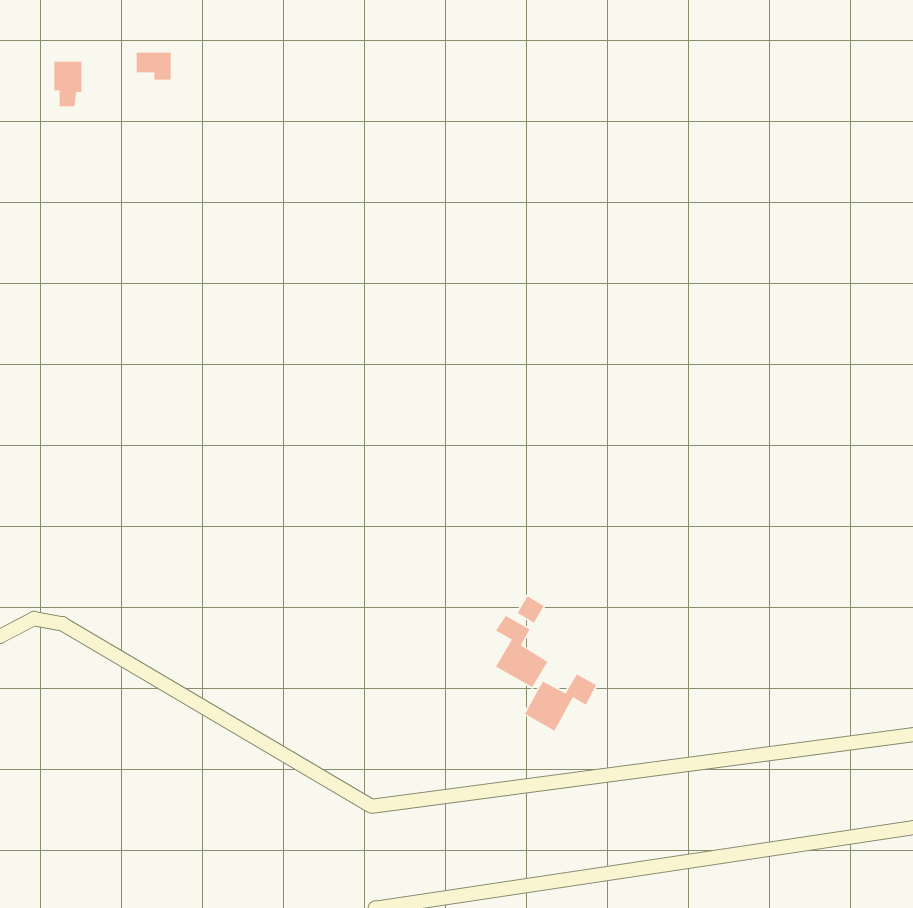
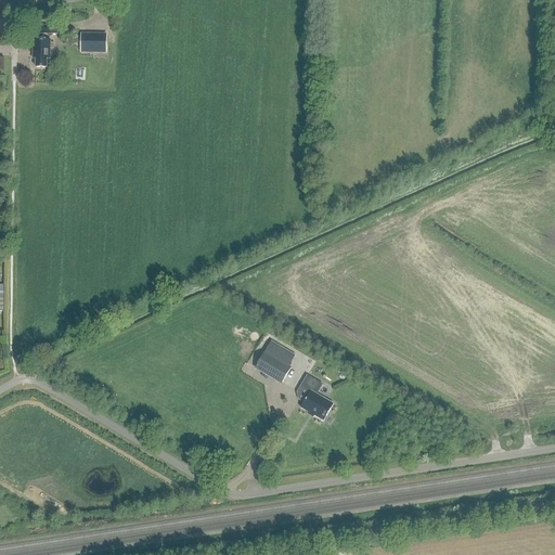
building: none -> [255,349,292,382]
building: [524,673,597,732] -> none

